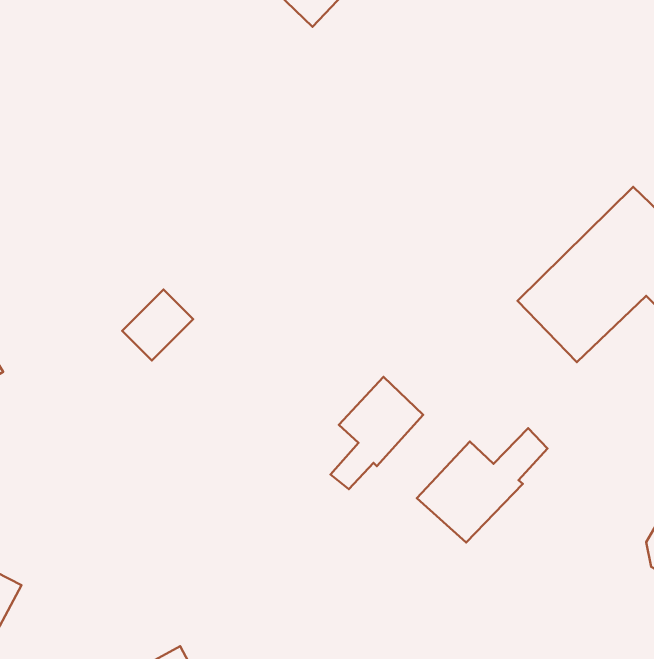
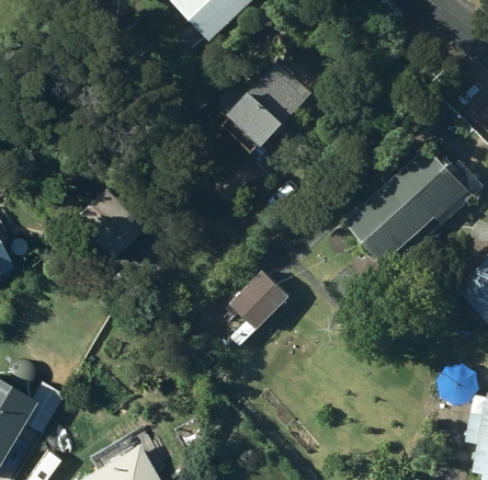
building: none -> [220,68,307,151]
building: [417,428,548,543] -> none

